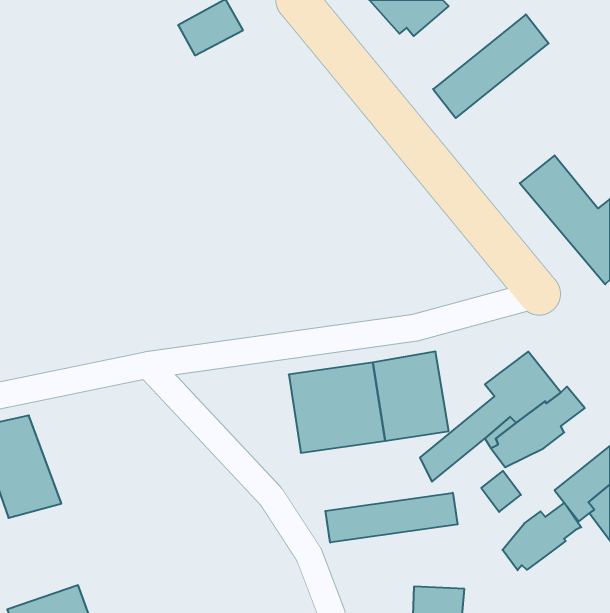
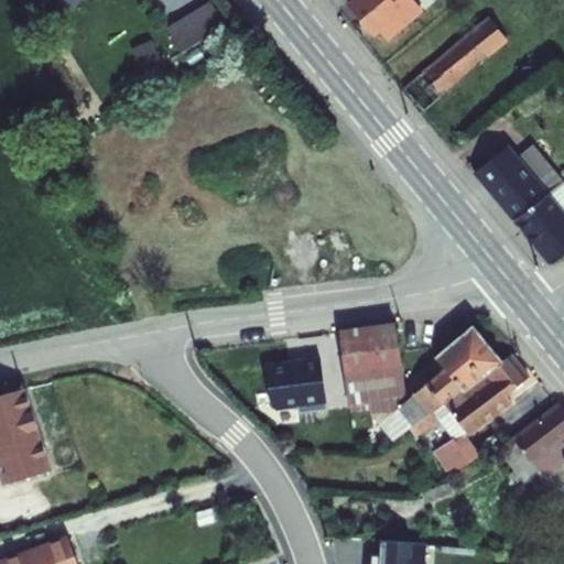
building: [325,493,458,543] -> none
building: [502,503,581,570] -> none

